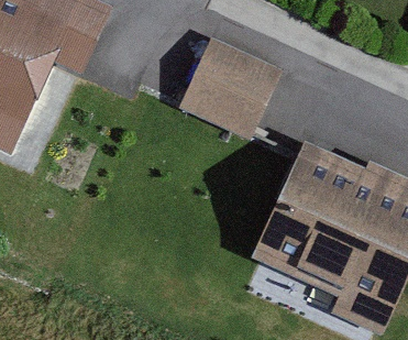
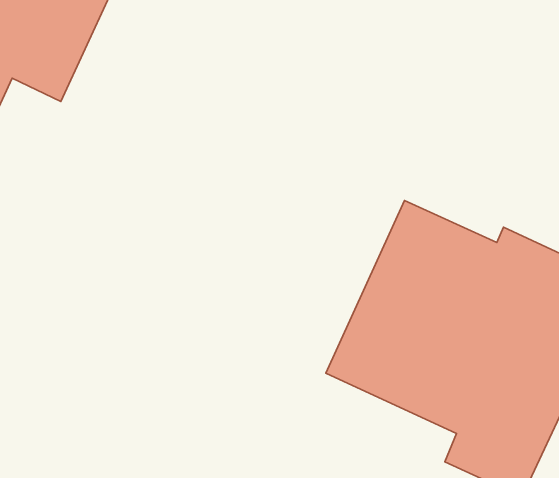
building: [179,37,282,141] -> none

